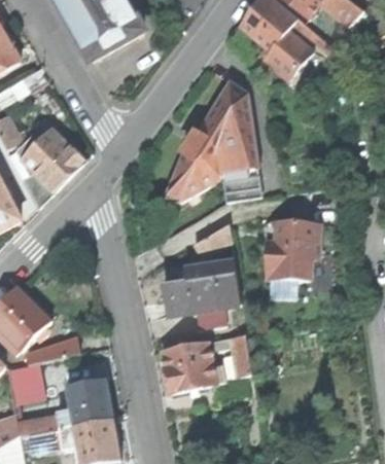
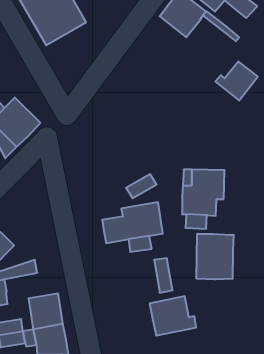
building: [258,29,313,79] -> [215,61,258,101]
building: [164,81,261,207] -> none
building: none -> [197,234,234,280]
building: [163,341,222,391] -> [150,296,196,336]

